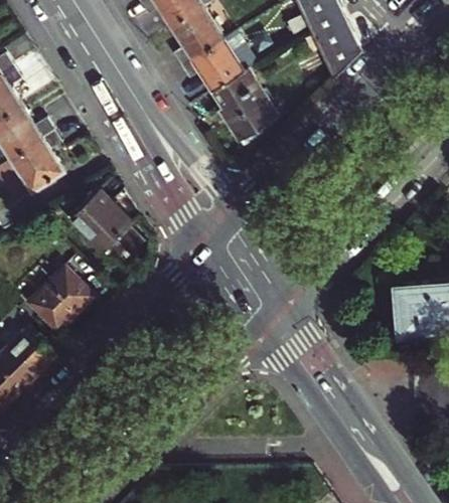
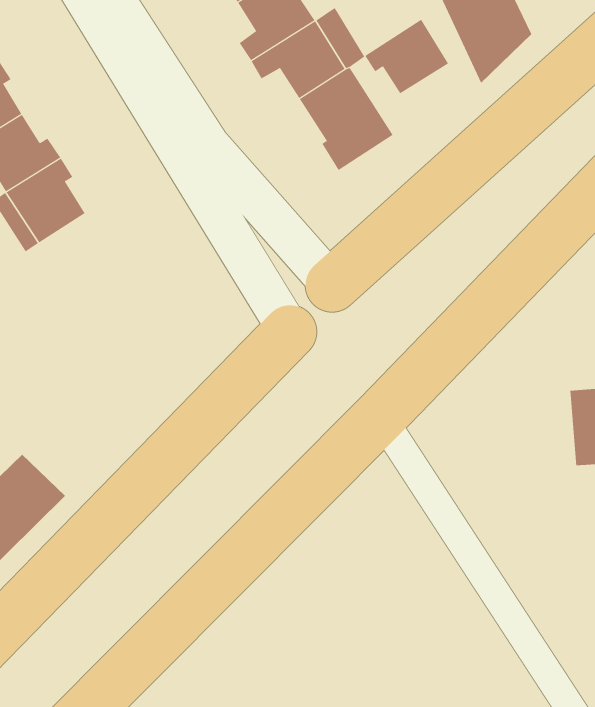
building: none -> [364,19,449,94]
building: [68,191,130,252] -> none
building: [28,269,93,334] -> none

